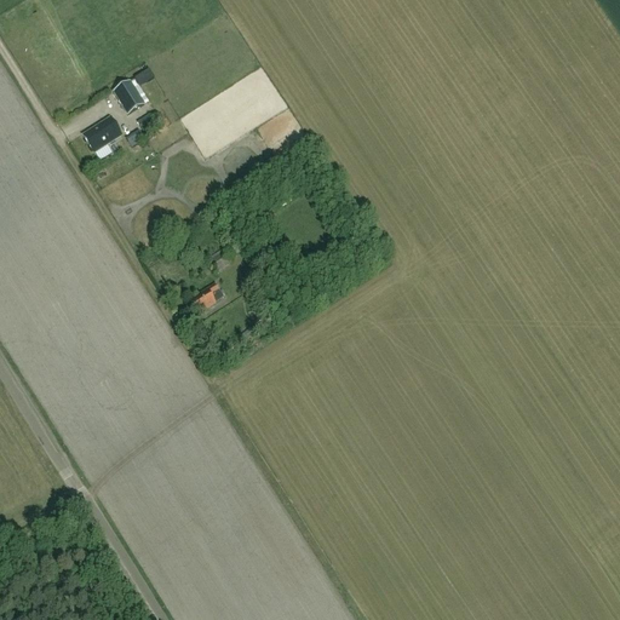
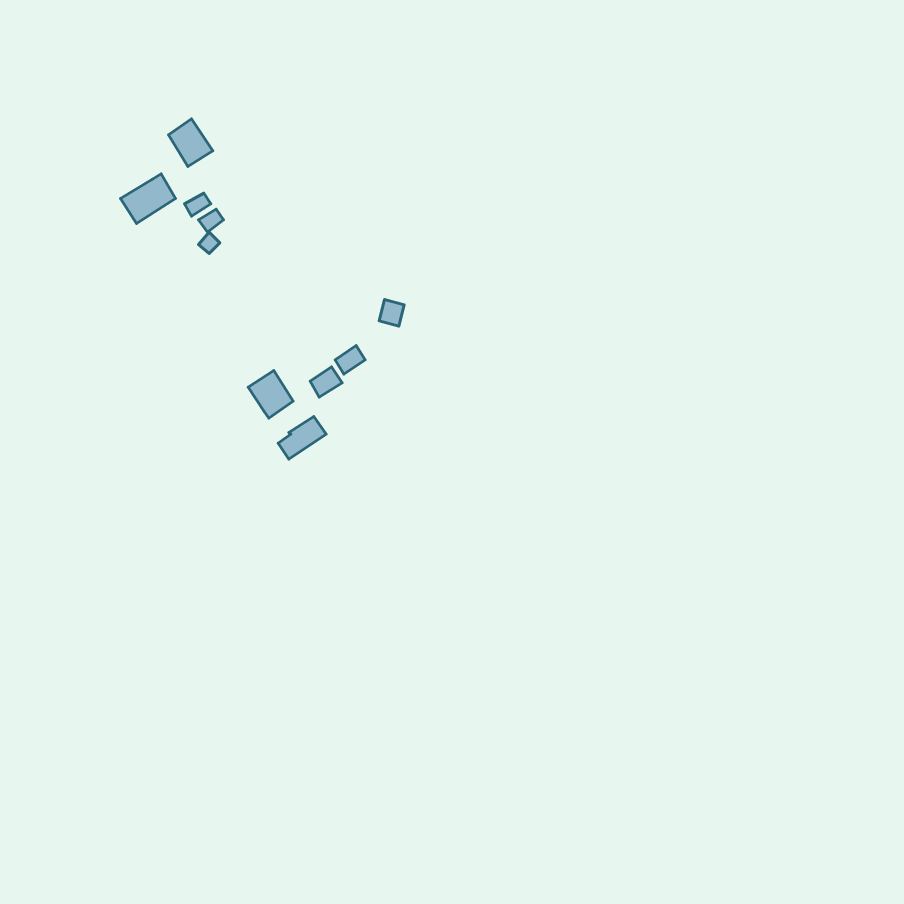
building: none -> [248,370,293,418]

